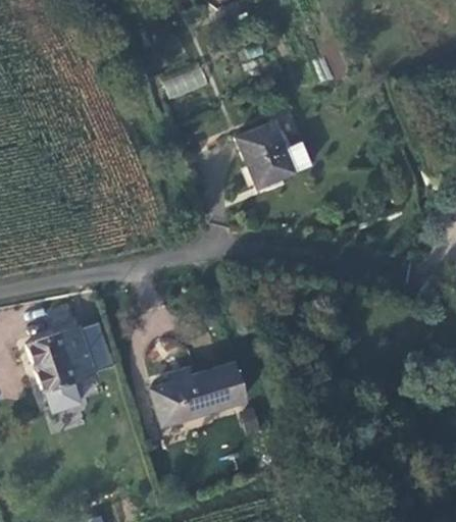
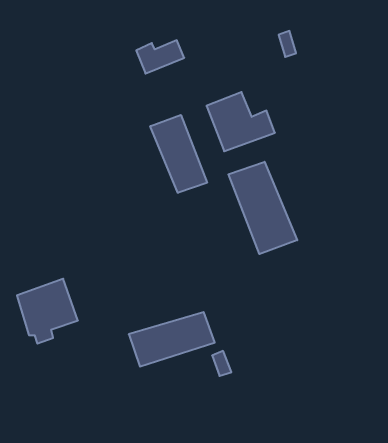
building: none -> [150,115,207,193]
building: none -> [228,162,297,254]

